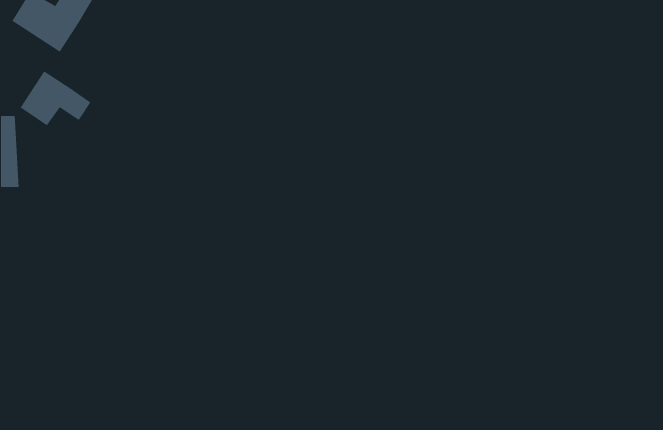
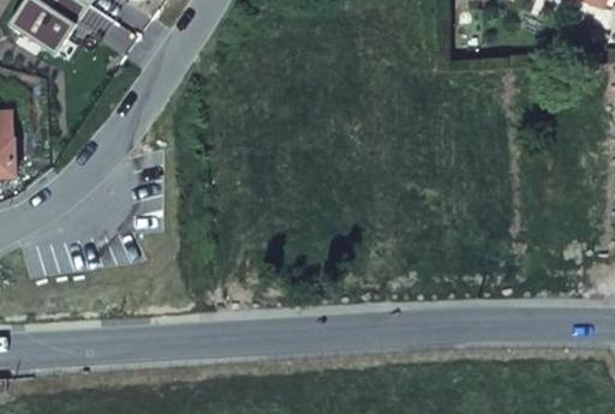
building: [20,71,91,126] -> none

